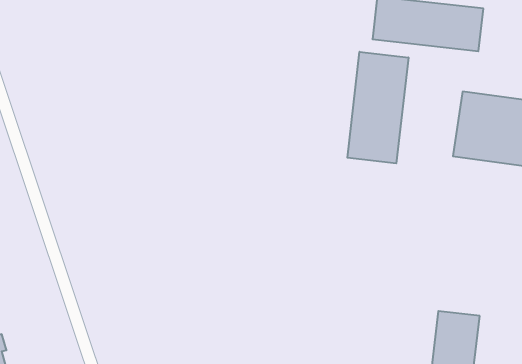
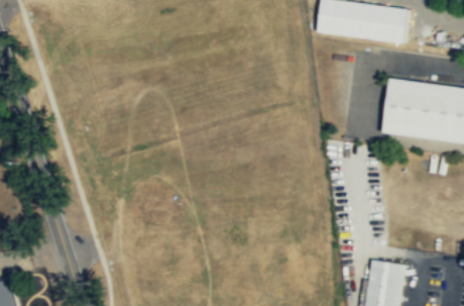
building: [347,52,408,163] -> none

